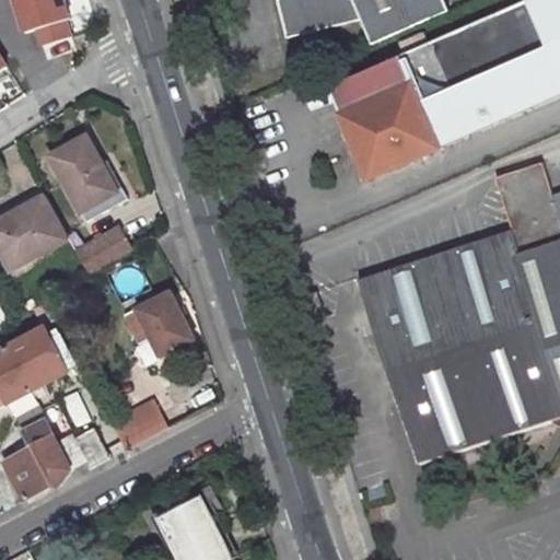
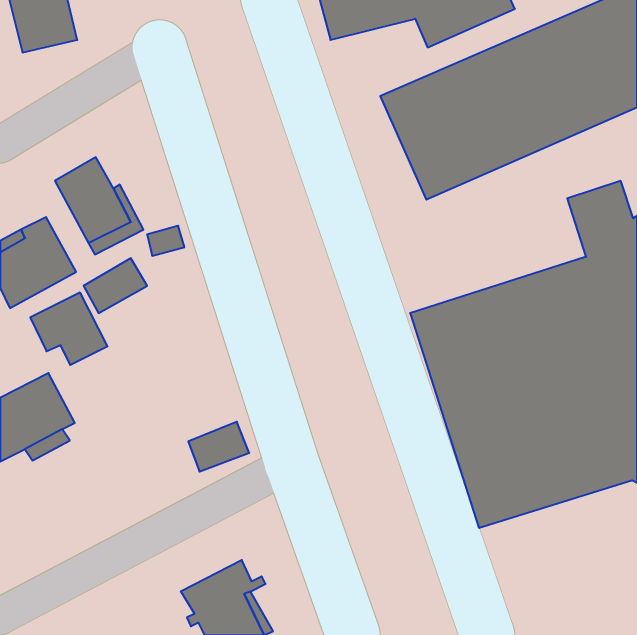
building: [126,290,194,353] -> [30,293,108,365]
building: [112,400,165,448] -> none
building: [5,407,108,497] -> none

